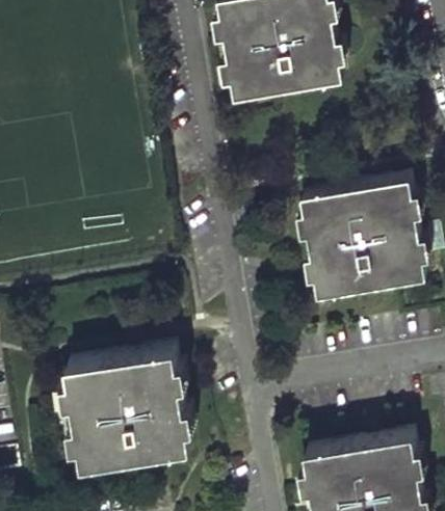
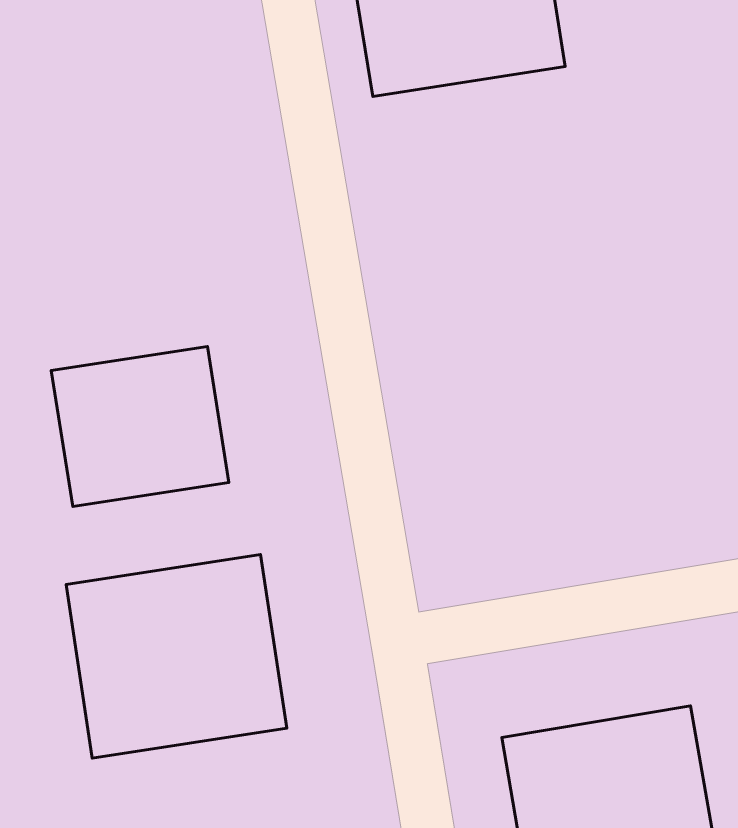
building: [298,183,421,299] -> none
building: none -> [51,346,229,506]

